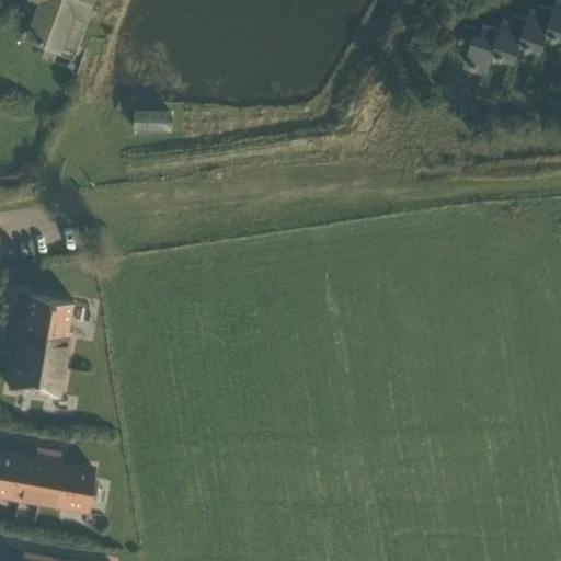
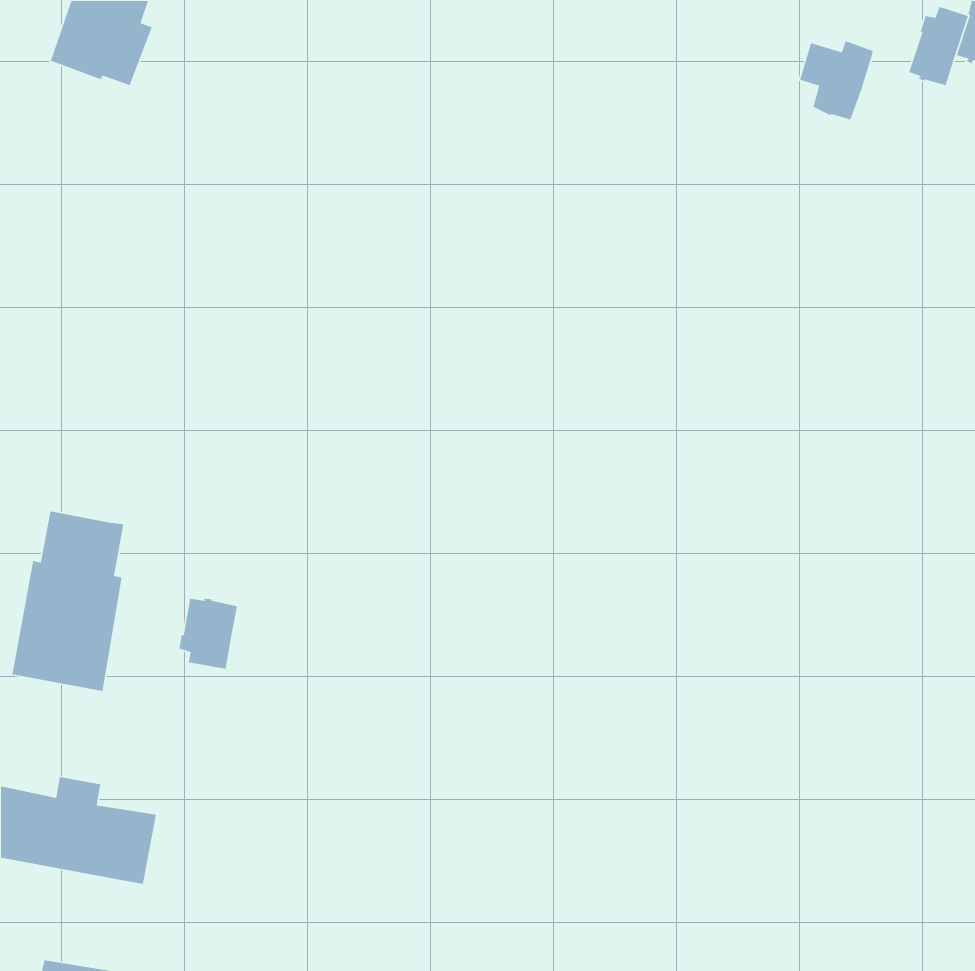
building: [495,16,529,62] -> none
building: [135,114,170,133] -> none
building: none -> [178,598,238,670]

